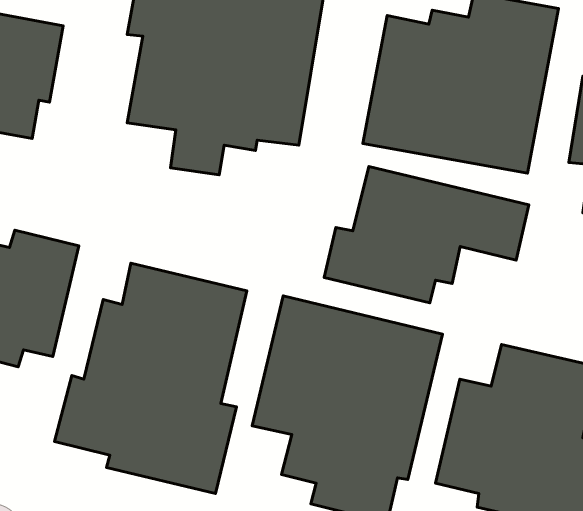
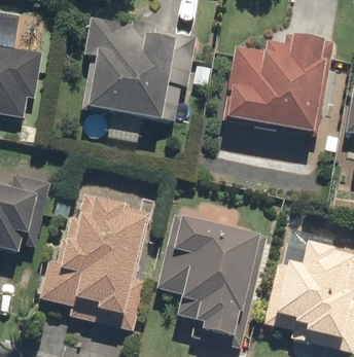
building: [324,166,529,303] -> none

